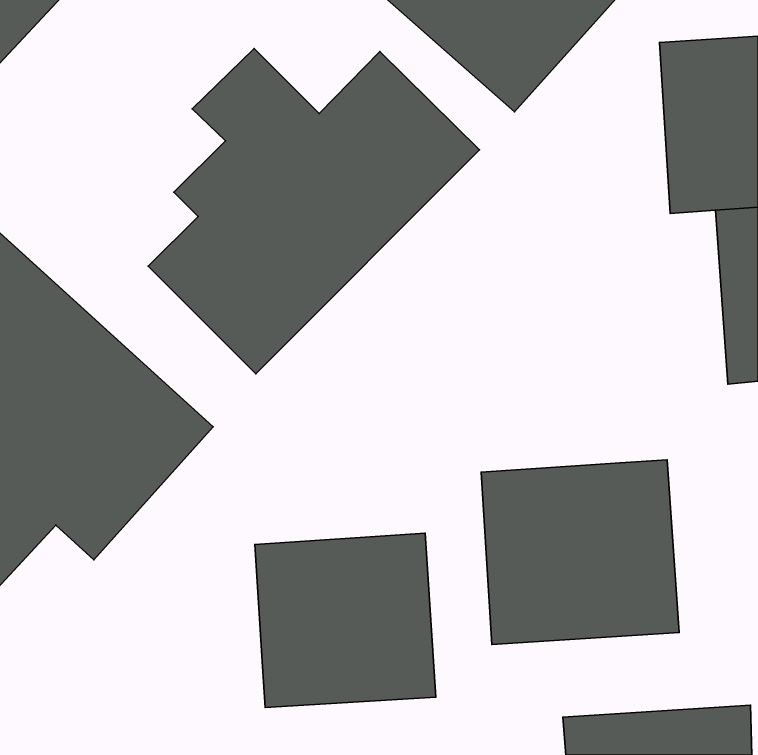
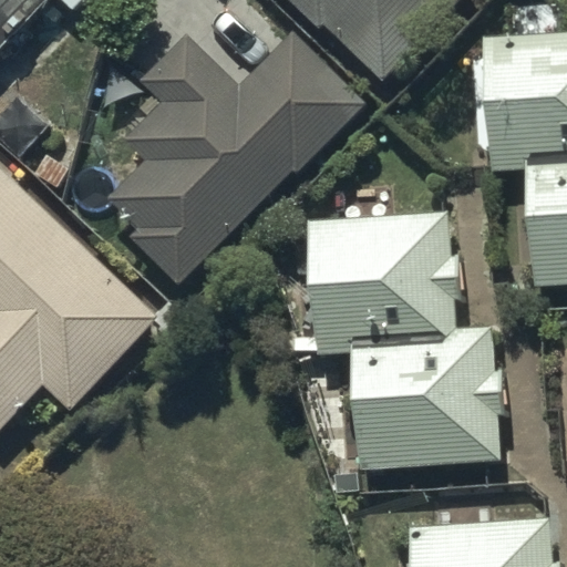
building: none -> [311,214,454,347]
building: [255,533,436,707] -> none

